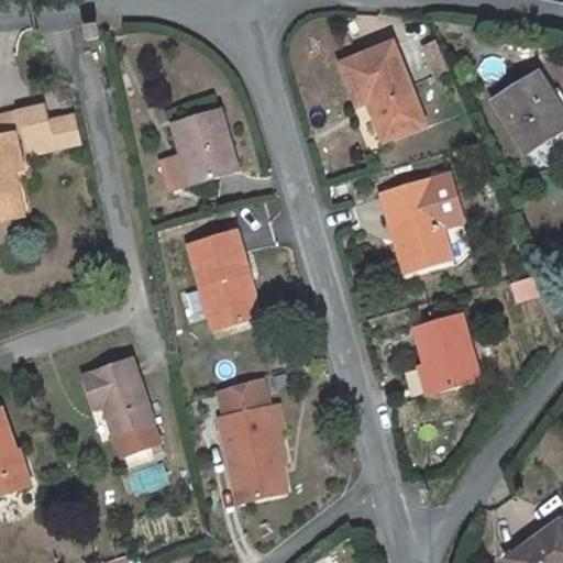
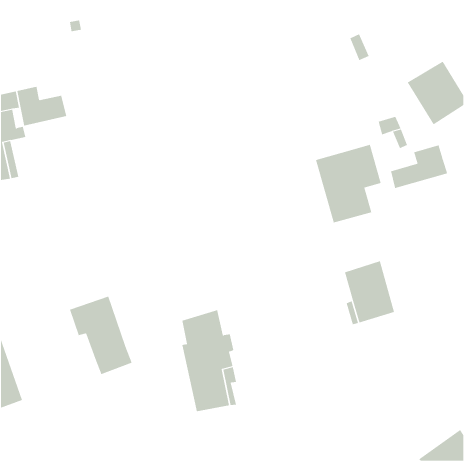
building: [341,43,423,140] -> none
building: [163,109,238,188] -> none
building: none -> [391,145,448,189]
building: [190,232,260,327] -> none

